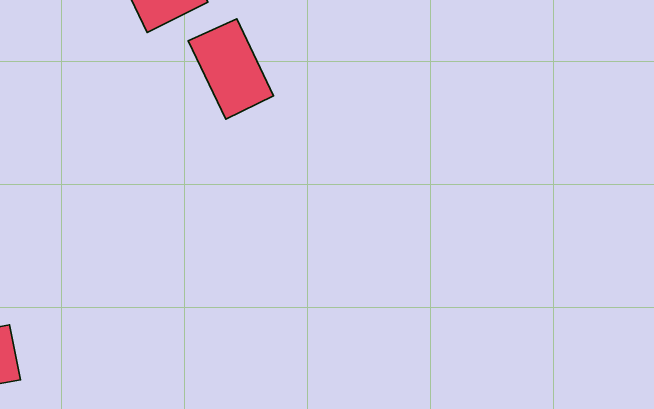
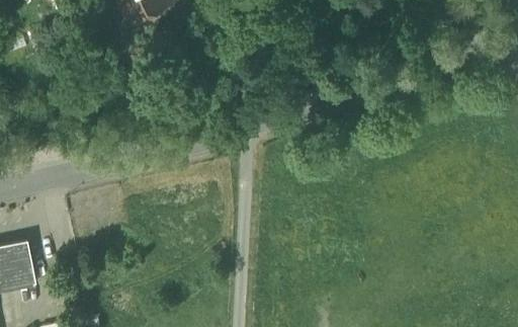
building: [188,19,273,119] -> none

